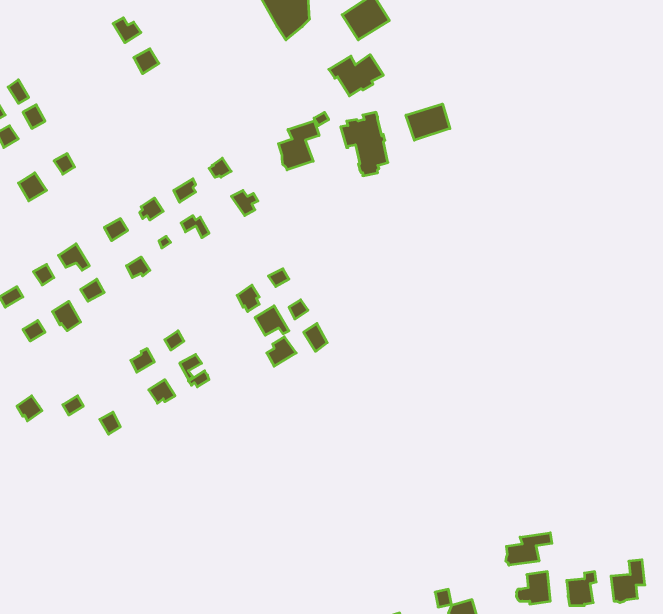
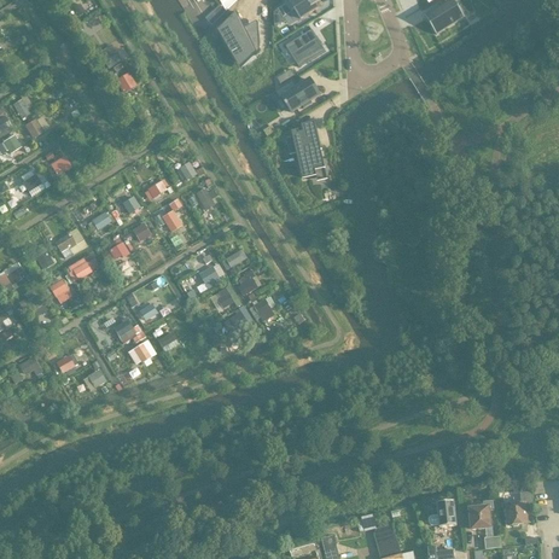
building: [406,104,450,140] -> none
building: [278,121,319,170] -> none
building: [506,533,552,565] -> none

